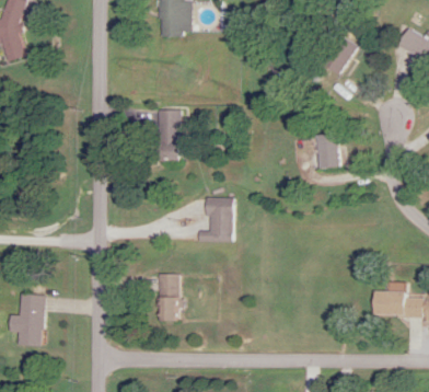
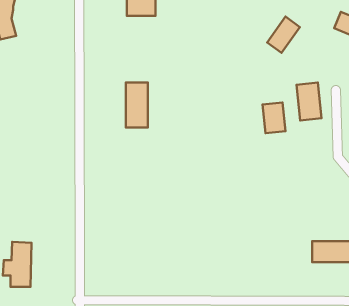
building: none -> [296,83,321,120]
building: [198,198,234,241] -> none
building: [156,274,178,321] -> none

